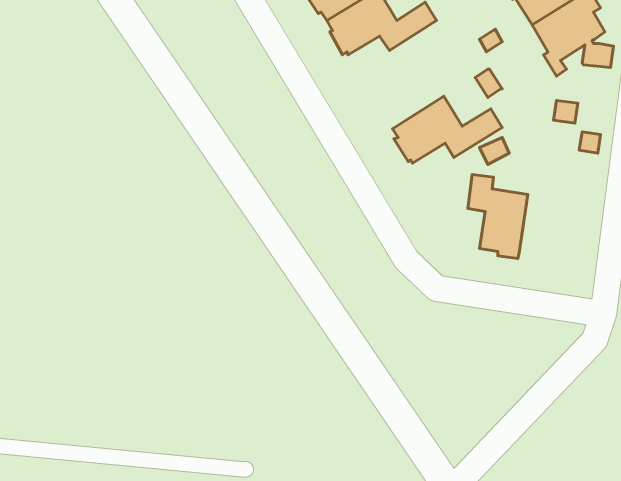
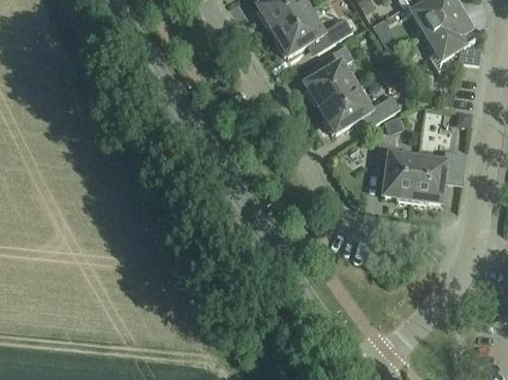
building: none -> [305,44,358,107]
building: none -> [412,150,467,203]

